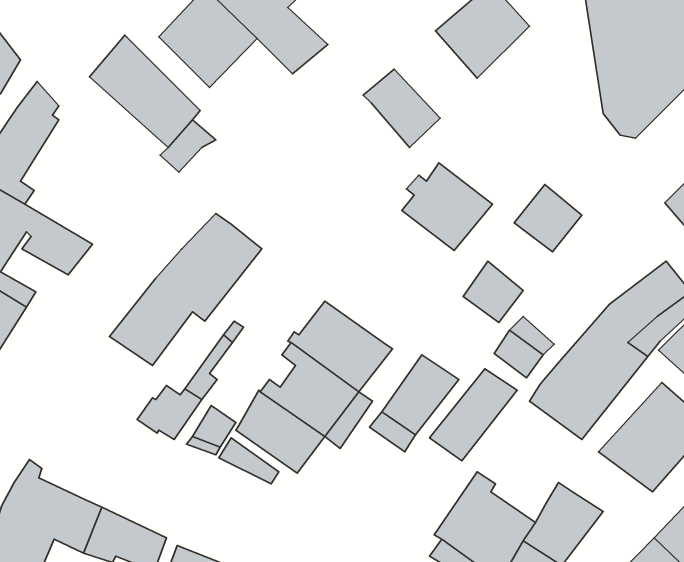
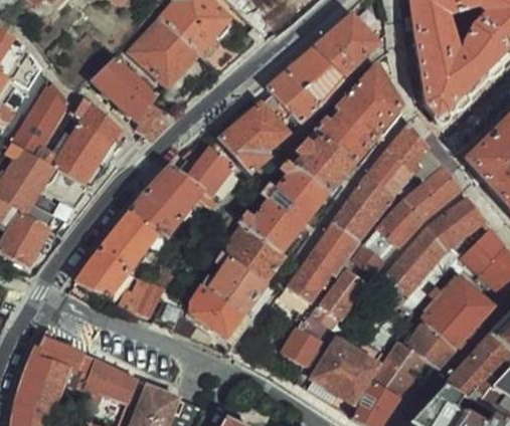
building: none -> [288,46,342,103]
building: none -> [313,63,398,160]
building: none -> [219,93,298,172]
building: none -> [46,94,129,186]
building: none -> [386,121,427,167]
building: none -> [181,147,236,198]
building: none -> [238,160,327,250]
building: none -> [377,166,459,245]
building: none -> [349,172,391,216]
building: none -> [306,220,356,274]
building: none -> [77,246,130,291]
building: none -> [283,312,332,367]
building: none -> [404,322,457,368]

